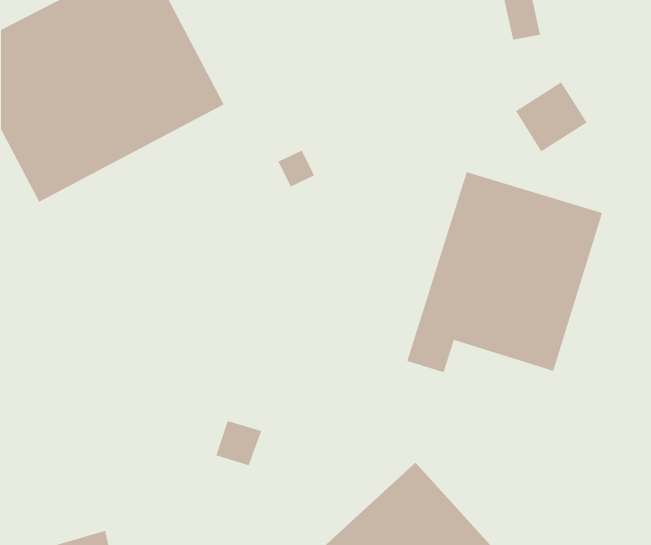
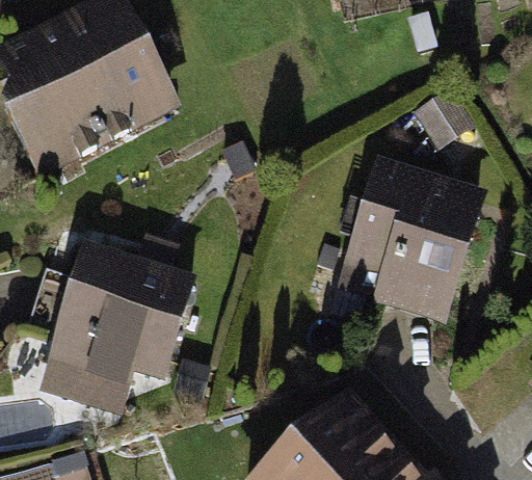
building: none -> [33,240,196,396]

